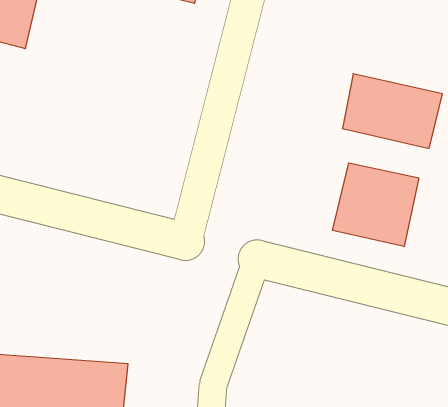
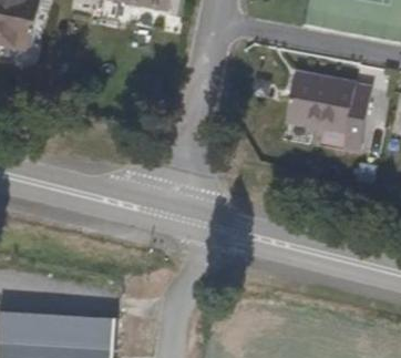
building: [332,163,419,247] -> none

